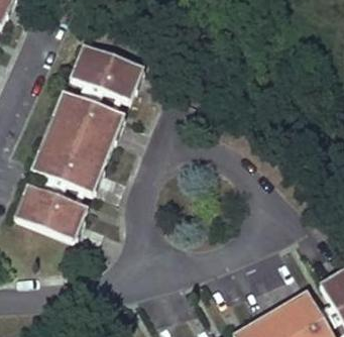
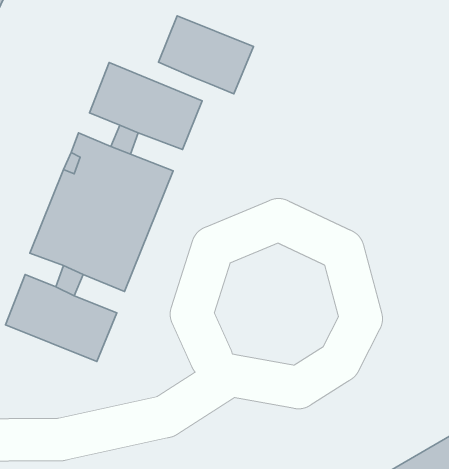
building: none -> [158,16,253,94]

